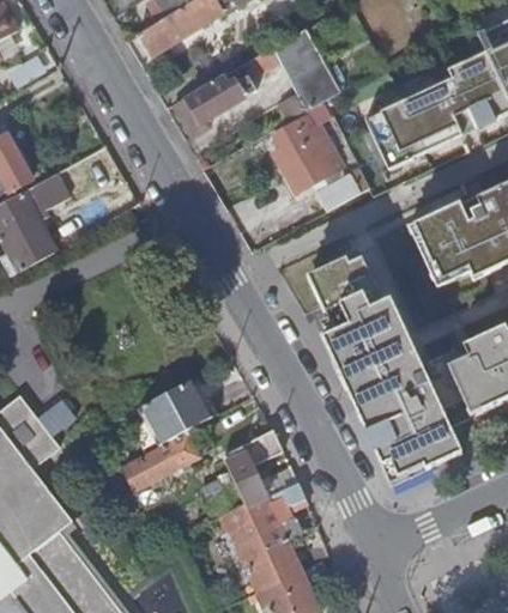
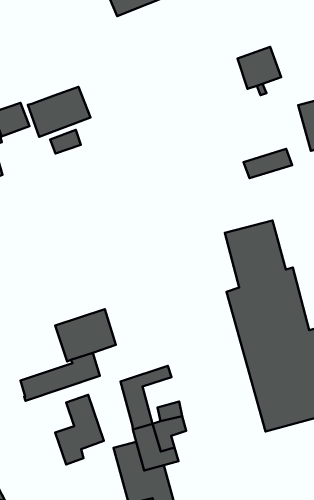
building: [247,28,325,79] -> none
building: [175,79,238,134] -> none
building: [276,115,341,187] -> none
building: none -> [28,87,91,137]
building: none -> [55,395,104,465]

